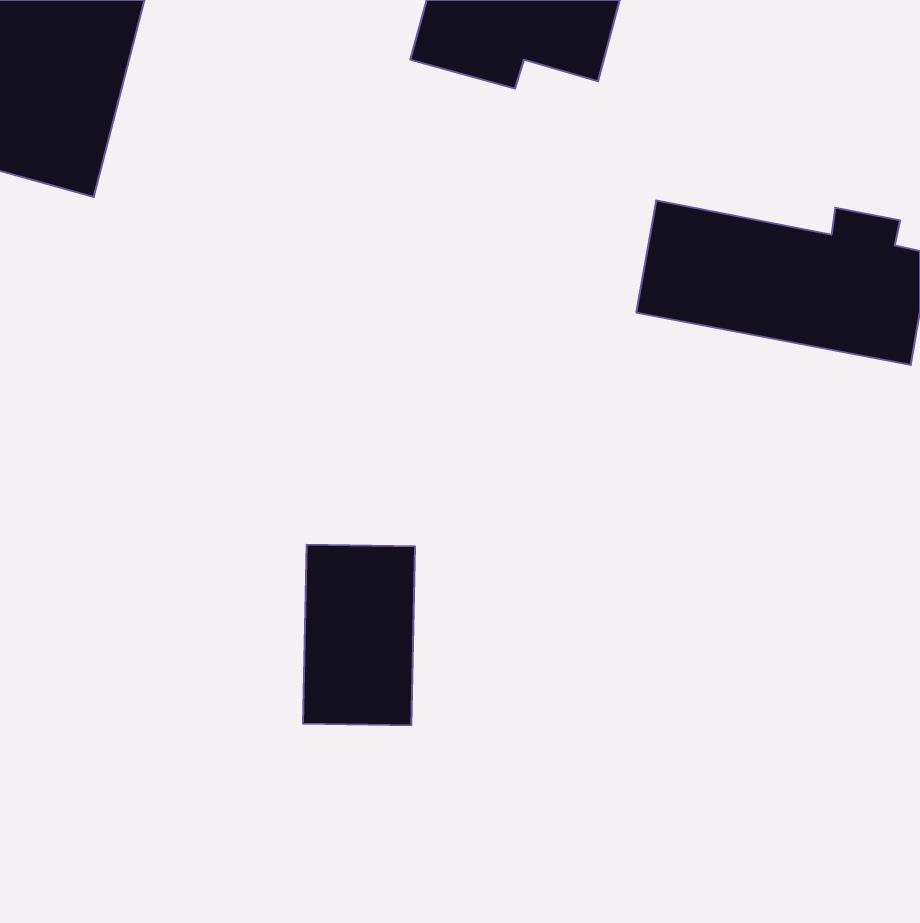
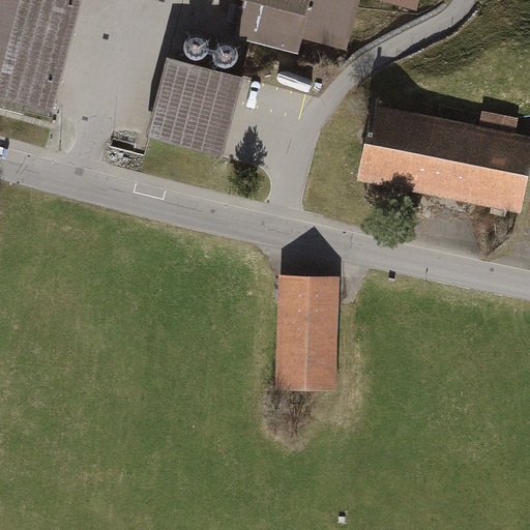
building: none -> [146,56,243,155]
building: [303,545,415,725] -> [274,282,338,385]

